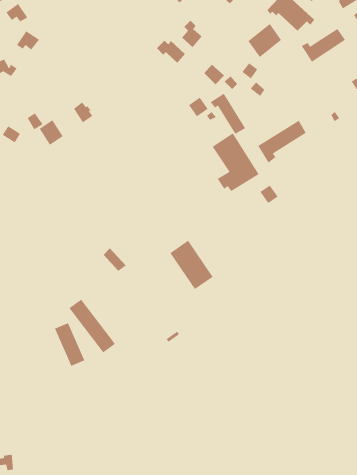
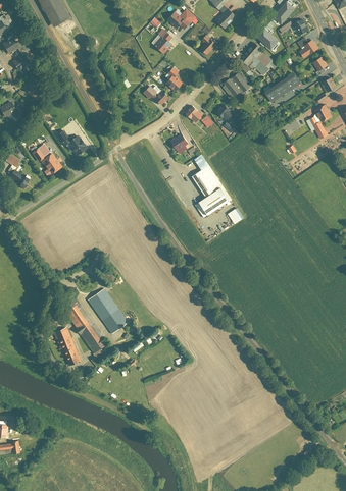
building: [210,93,246,135] -> none
building: [257,120,307,163] -> none
building: [170,240,213,290] -> [89,288,127,331]

